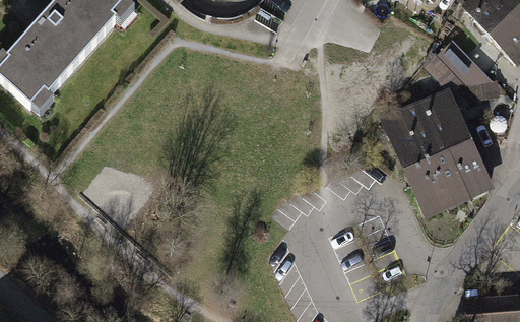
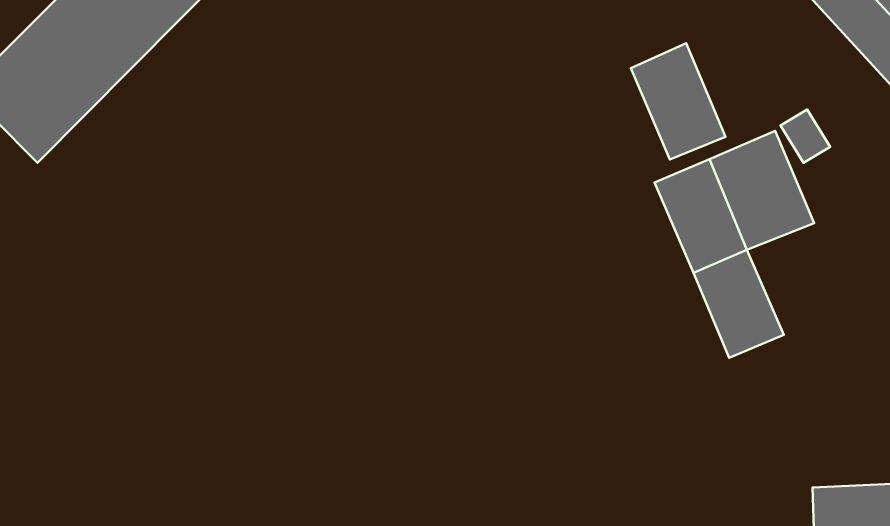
building: none -> [631,43,725,160]
building: [434,142,493,206] -> none

